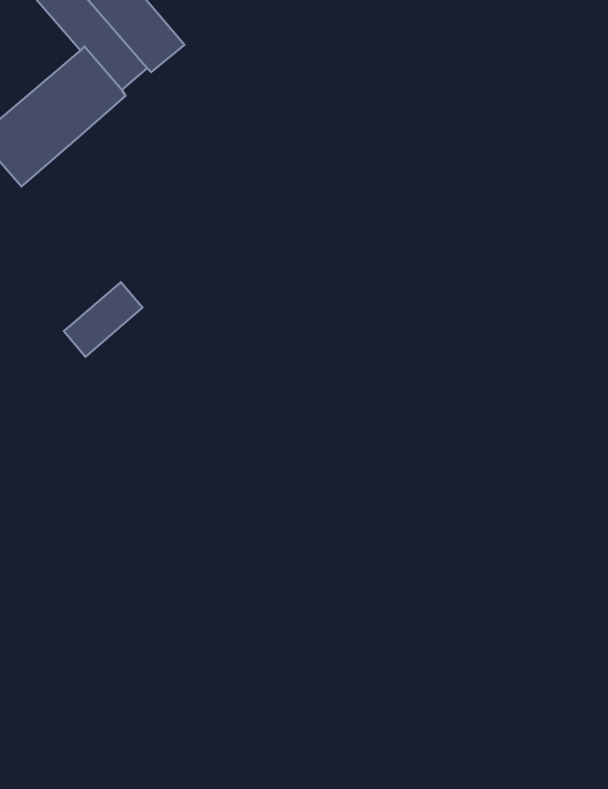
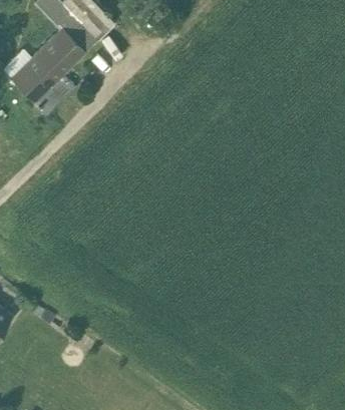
building: [64,282,142,357] -> [31,76,71,114]

